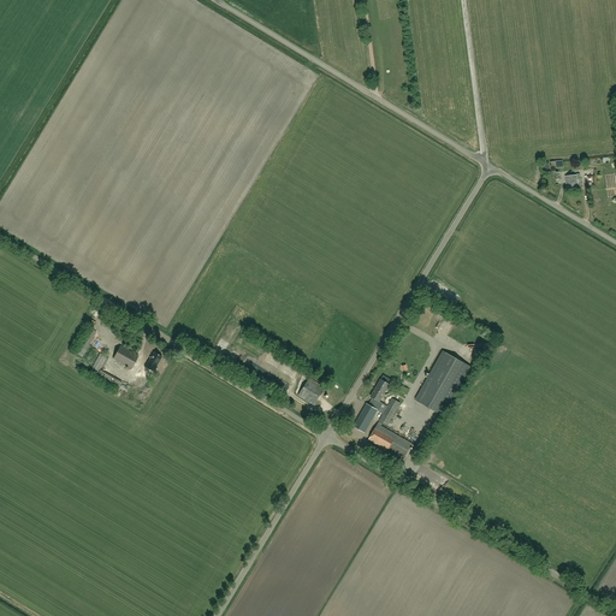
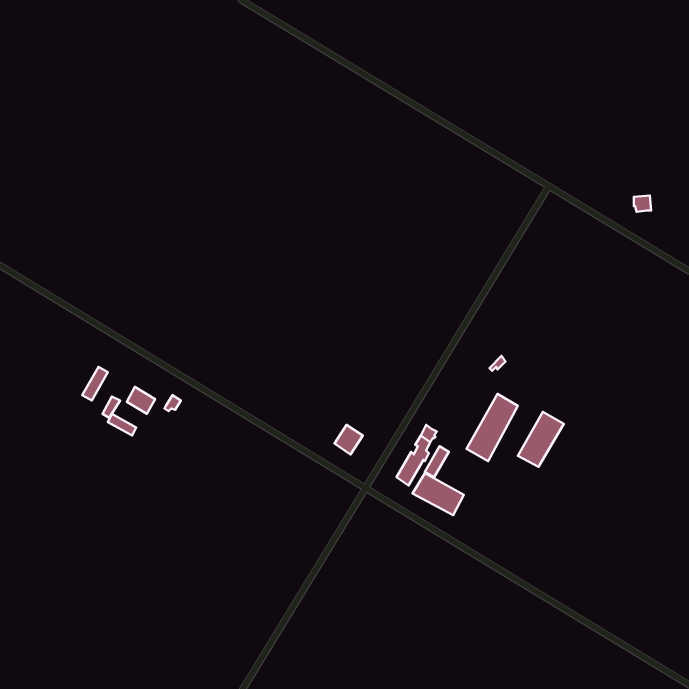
building: none -> [518,412,564,467]

